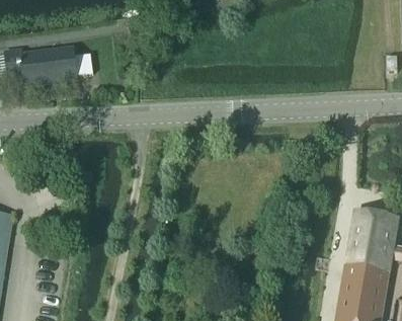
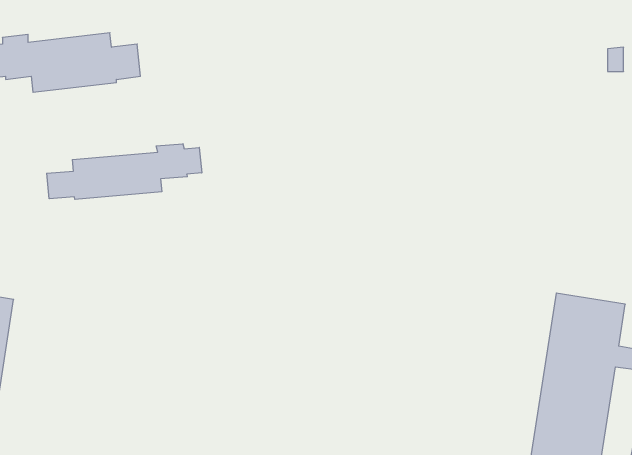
building: none -> [47,144,202,199]

